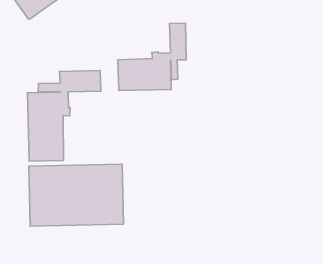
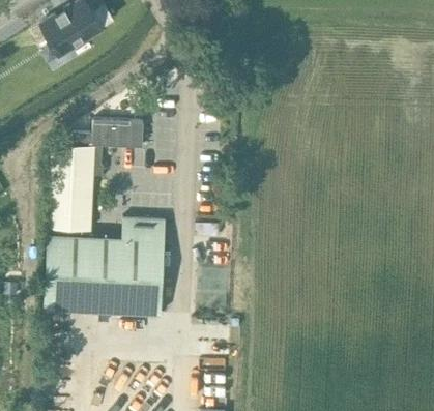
building: [118,23,186,91] -> none
building: none -> [122,218,165,240]

